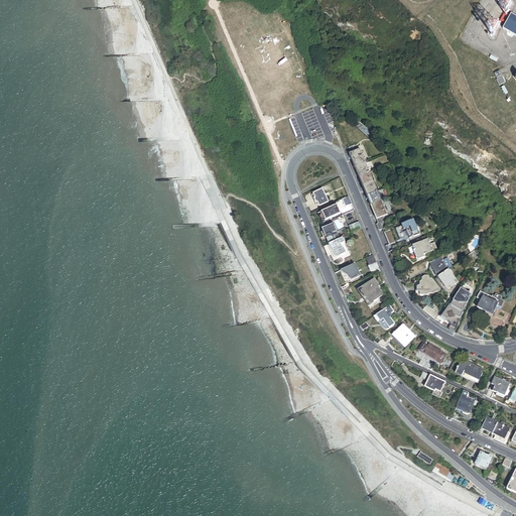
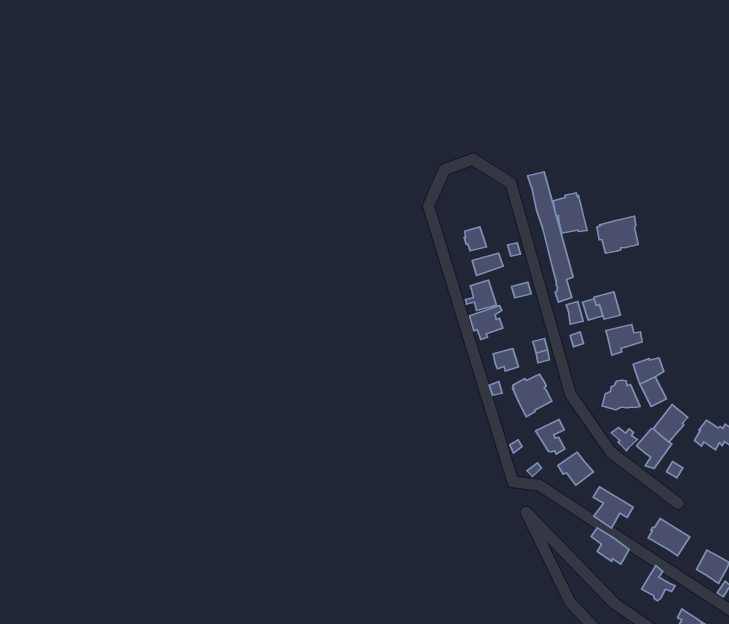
building: none -> [553,193,587,233]
building: none -> [597,216,638,253]

